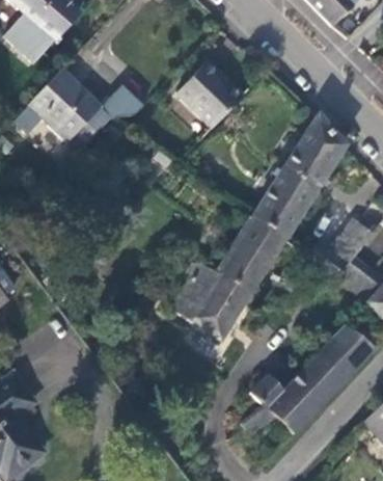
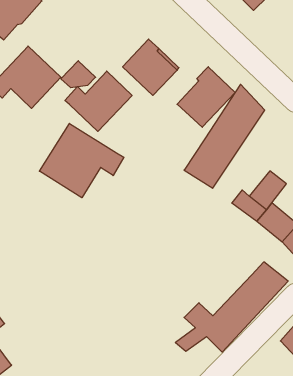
building: none -> [177,67,235,127]
building: none -> [65,71,132,131]
building: none -> [39,123,124,198]
building: [171,216,285,341] -> none

